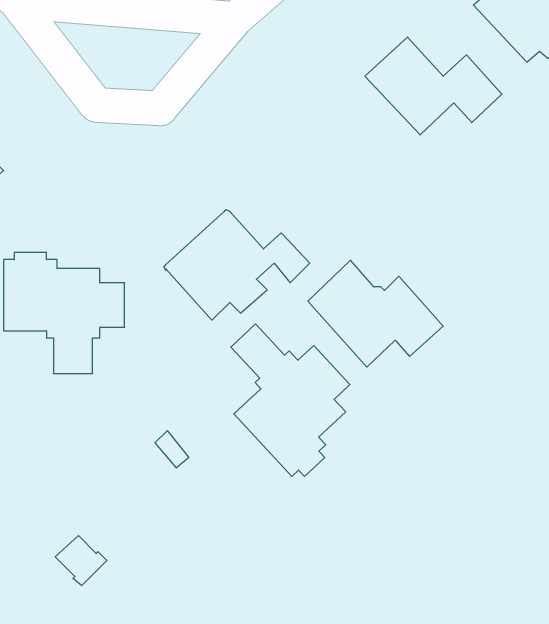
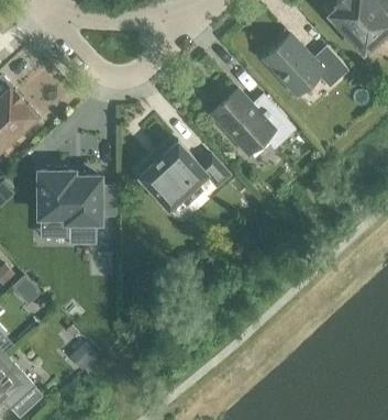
building: [308,260,443,367] -> [211,89,295,155]
building: [231,324,350,476] -> none

